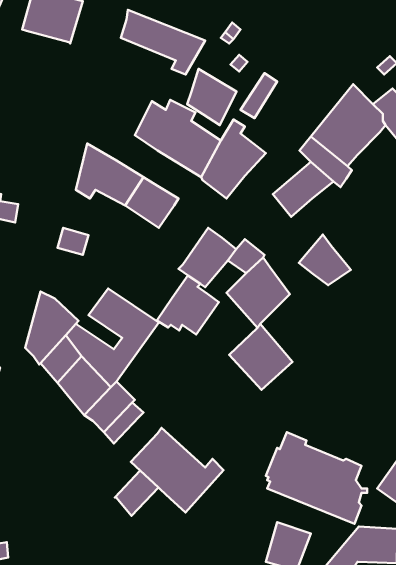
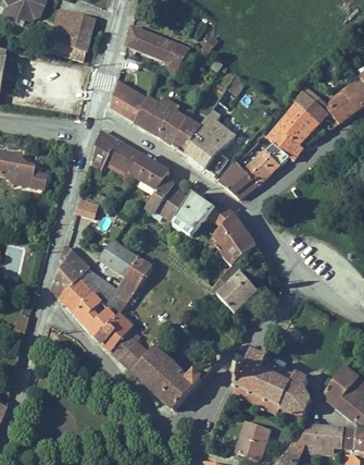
building: [187,69,237,125] -> [111,77,149,121]
building: [299,235,351,285] -> [217,158,258,197]
building: [157,275,219,335] -> [142,175,190,221]
building: [115,471,158,516] -> [120,339,153,374]

